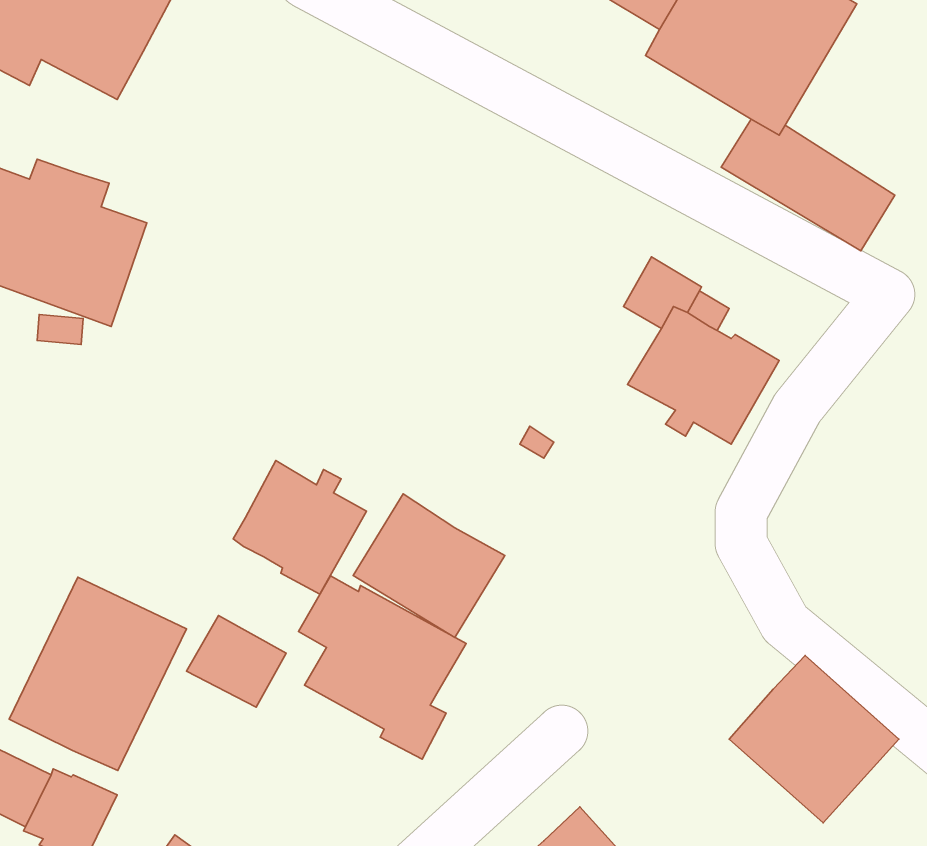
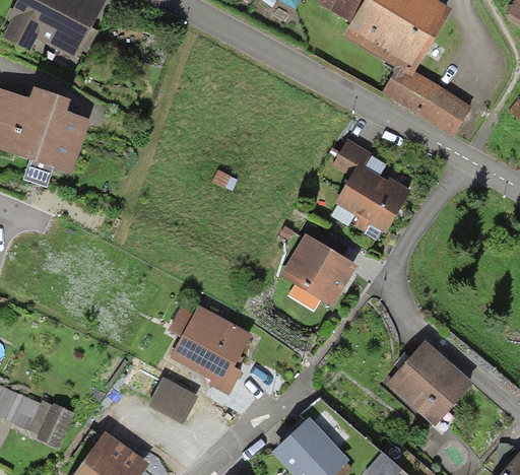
building: [233,460,367,594] -> none
building: [353,494,505,637] -> [280,233,358,307]
building: [9,577,187,771] -> none
building: [187,615,286,707] -> [147,377,198,423]

